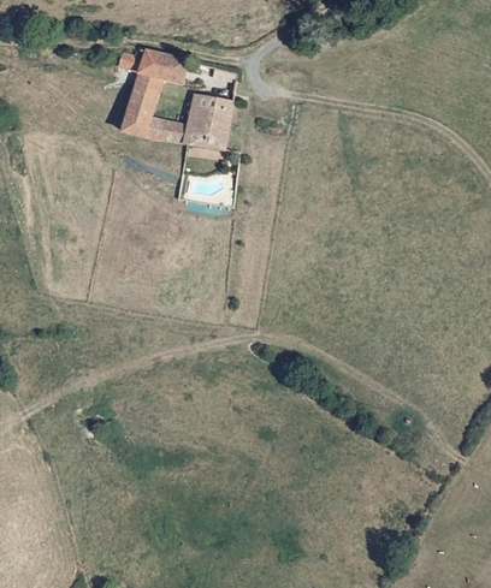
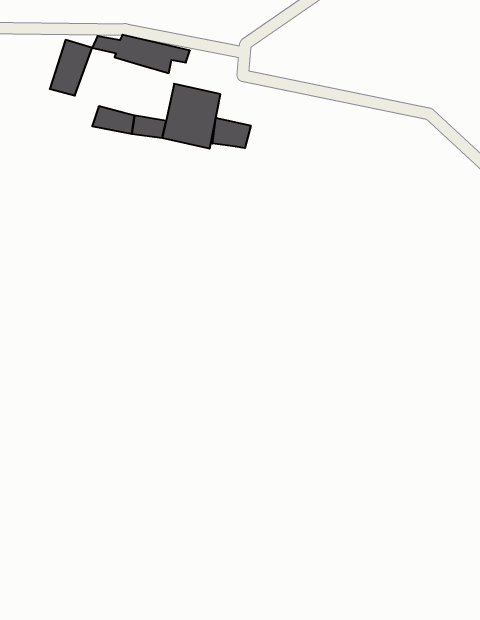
building: [124,69,162,119] -> [50,40,92,96]
building: none -> [212,118,251,148]

